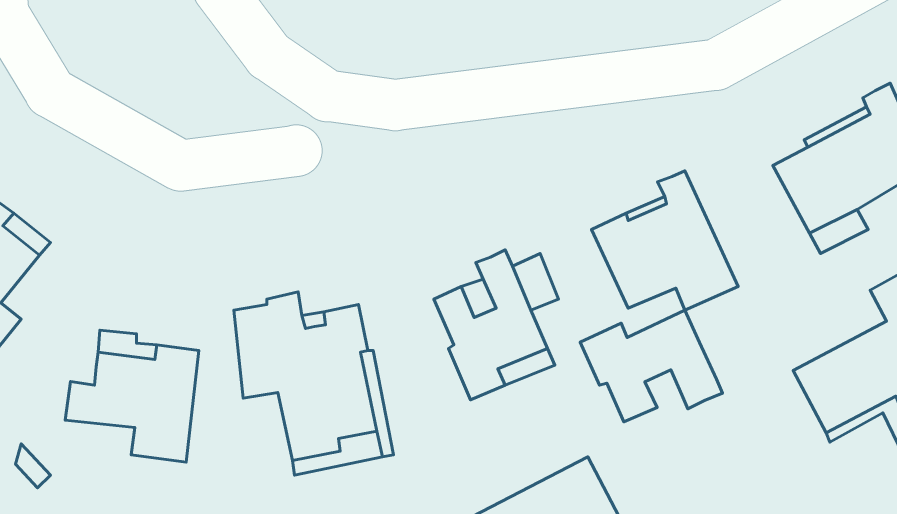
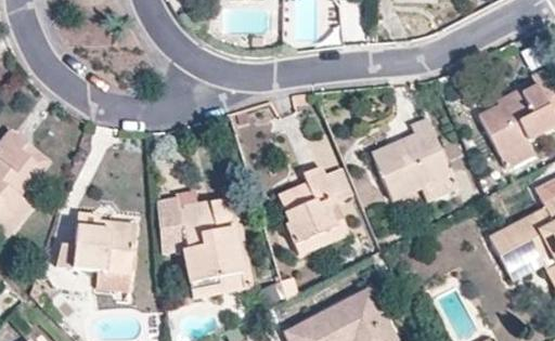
building: [580,310,723,422] -> none

